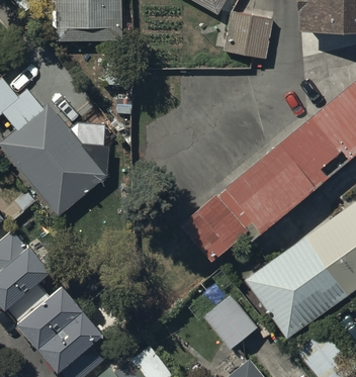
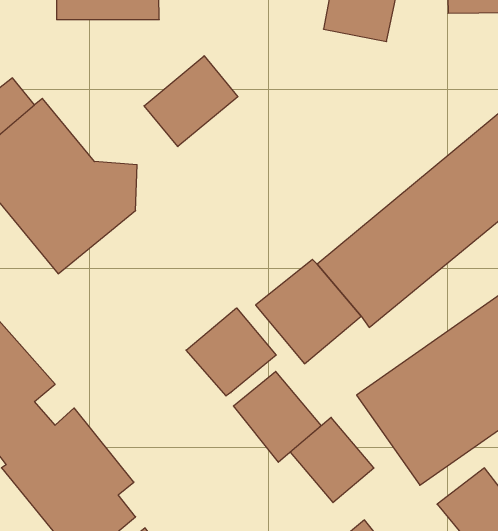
building: none -> [144,56,238,147]
building: none -> [186,308,276,396]
building: none -> [233,371,321,462]

